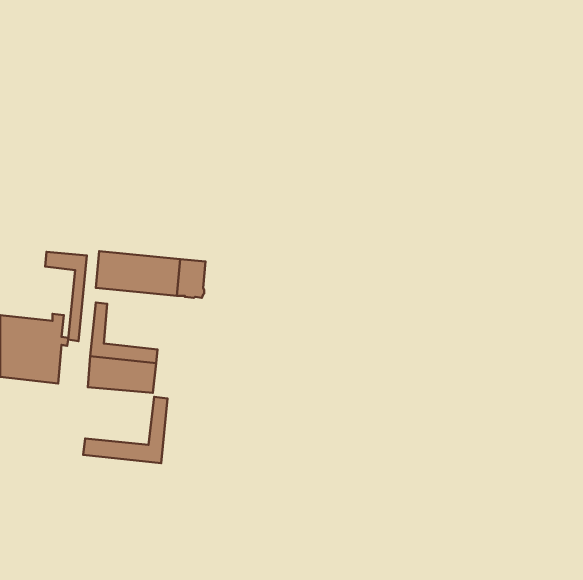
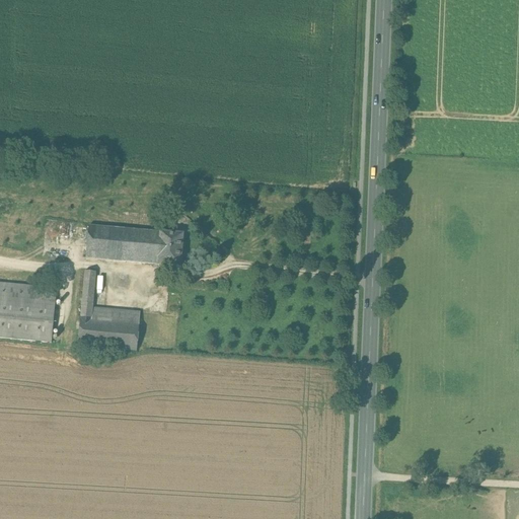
building: [45,252,87,341] -> none
building: [83,397,168,463] -> none

